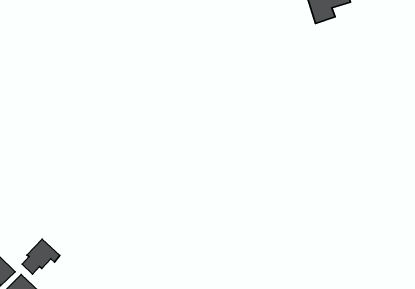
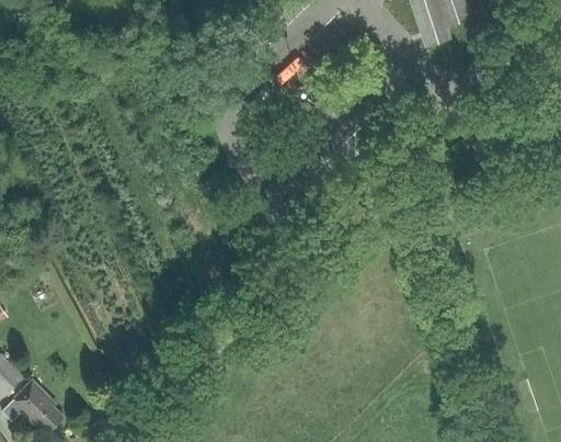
building: [22,239,60,274] -> none

